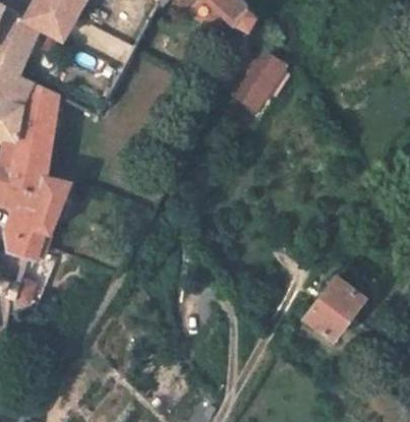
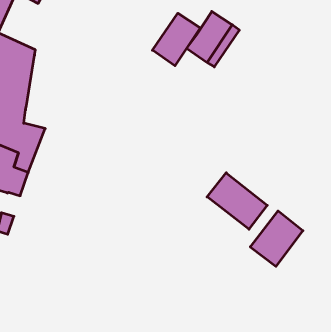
building: none -> [152,13,200,66]
building: none -> [207,173,267,229]

